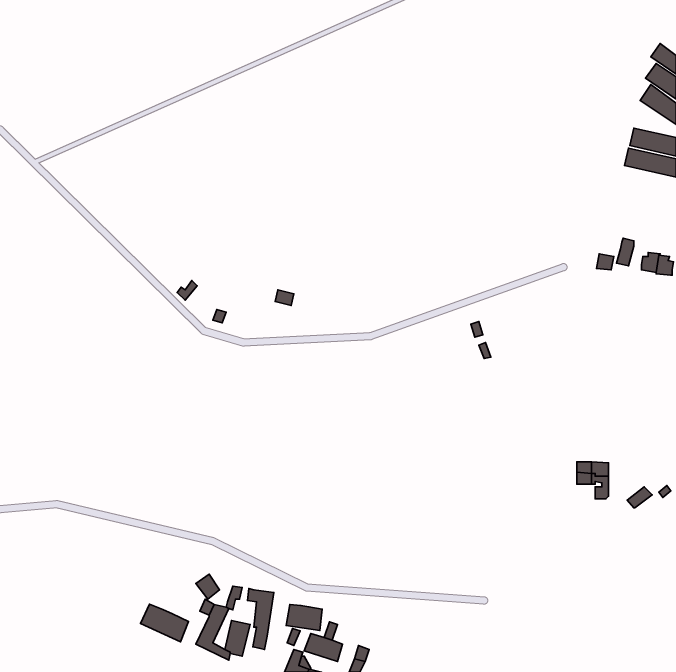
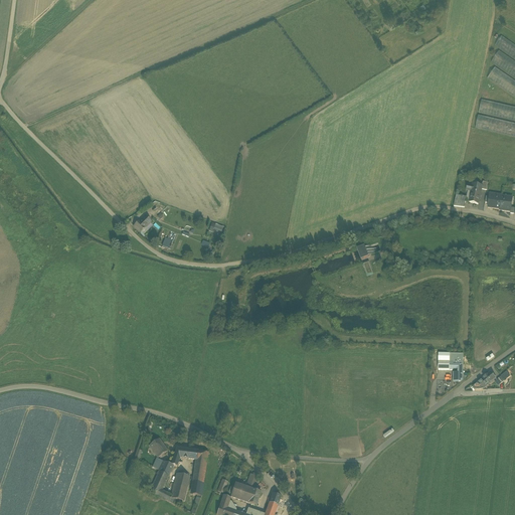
building: [140,604,188,642] -> none
building: [286,605,322,631] -> none

